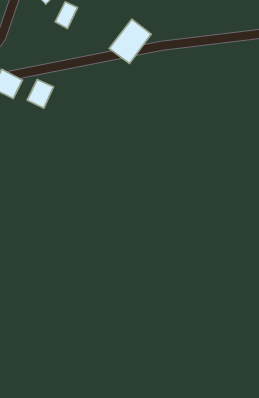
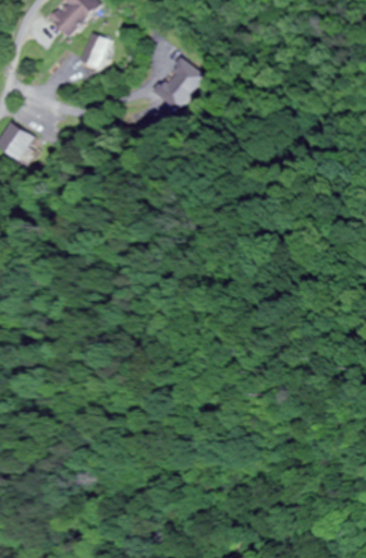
building: [27,79,53,108] -> none

